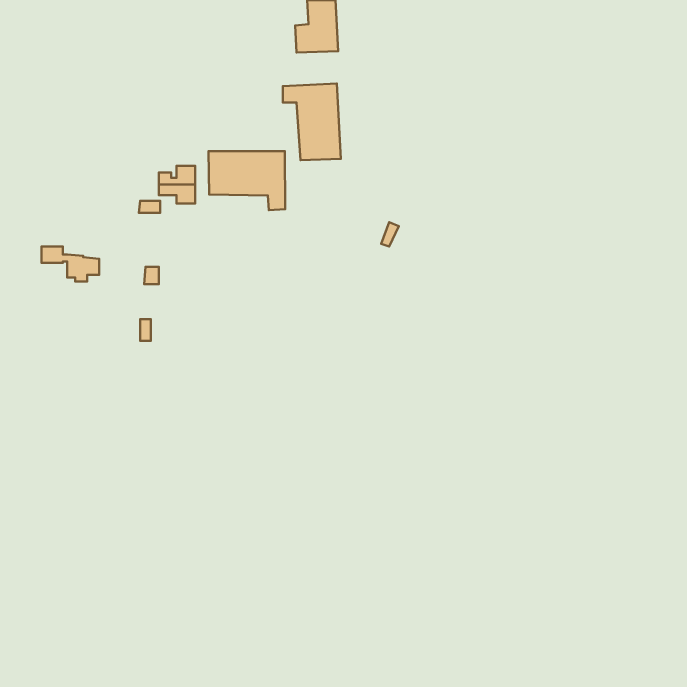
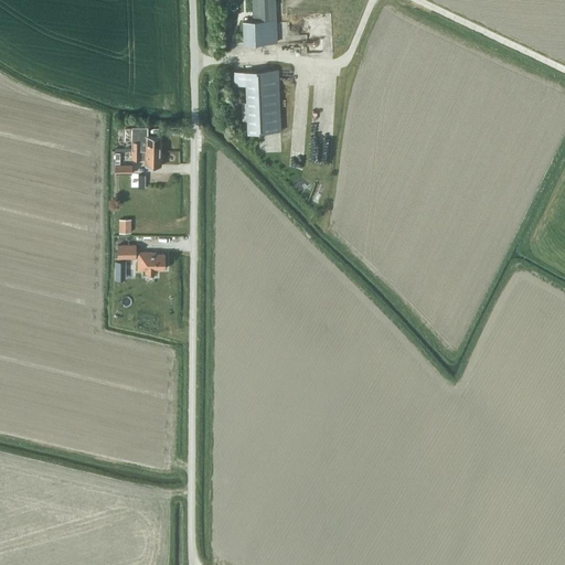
building: [208,151,285,210] -> none
building: [41,247,99,282] -> [118,245,166,274]

